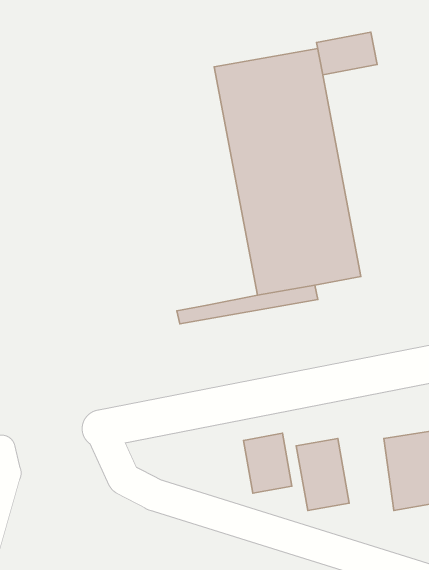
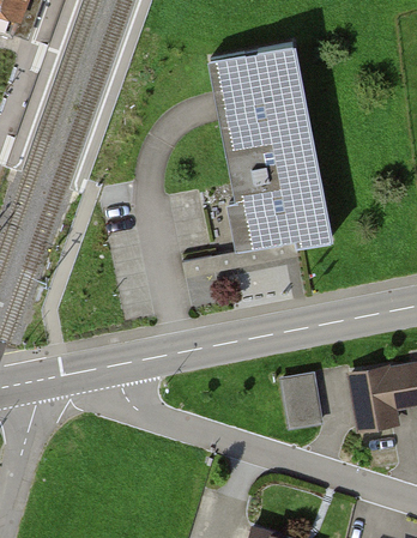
building: [317,32,377,75] -> none
building: [243,433,292,493] -> none

